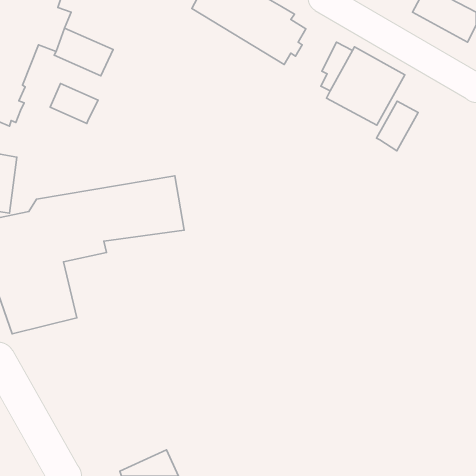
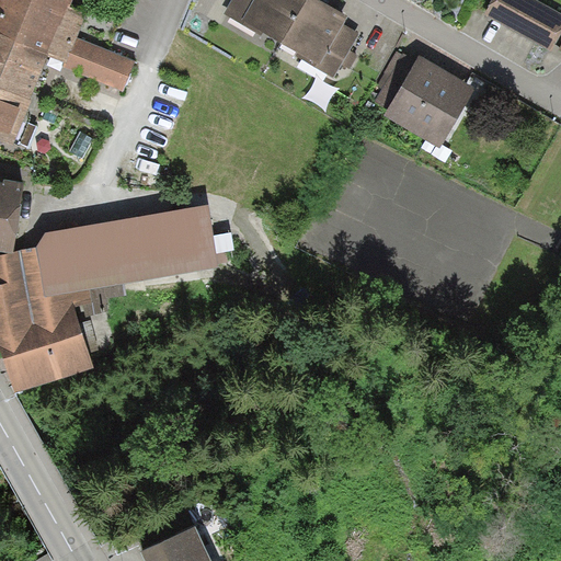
building: [50,83,98,123] -> none
building: [377,101,418,151] -> none

